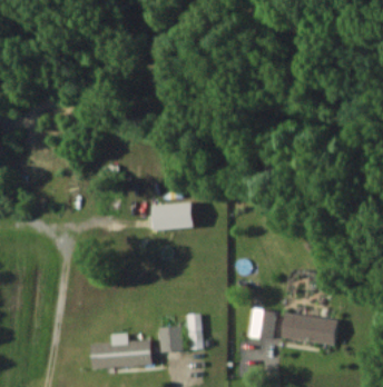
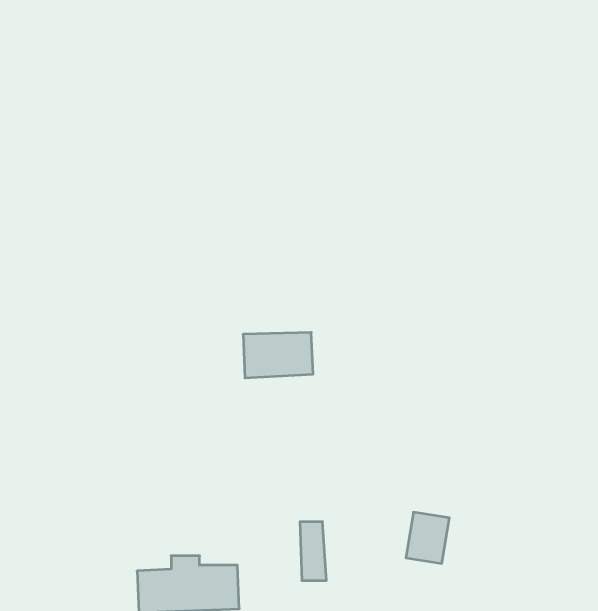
building: [281,312,338,346] -> none
building: [159,327,181,351] -> none

